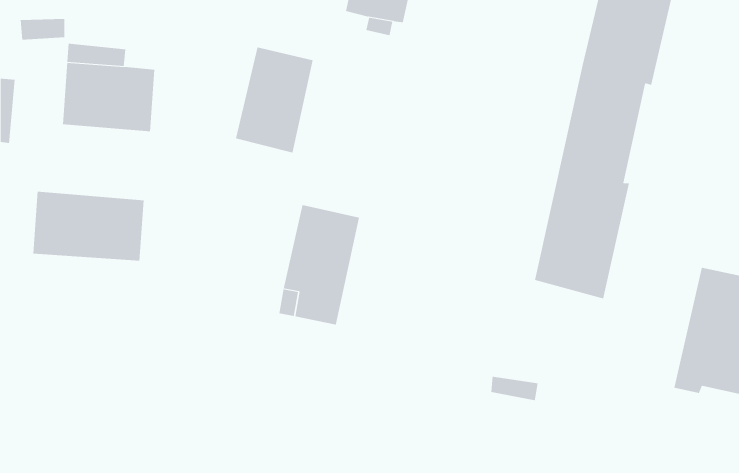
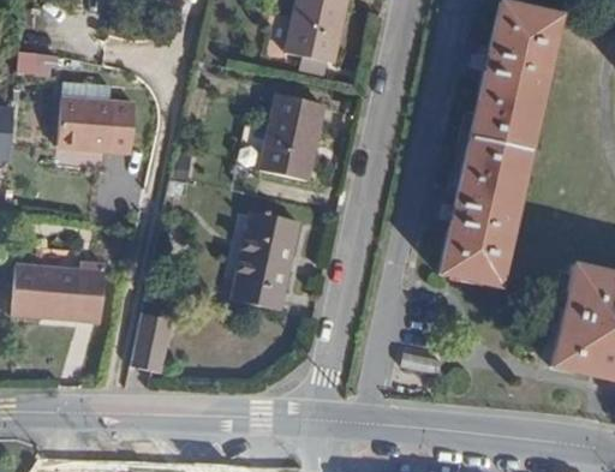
building: [235,47,314,153] -> [259,95,324,183]
building: [33,191,144,261] -> [7,262,100,319]
building: none -> [131,318,166,374]

